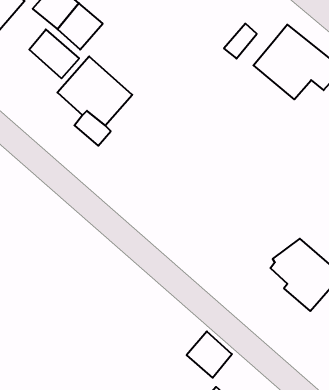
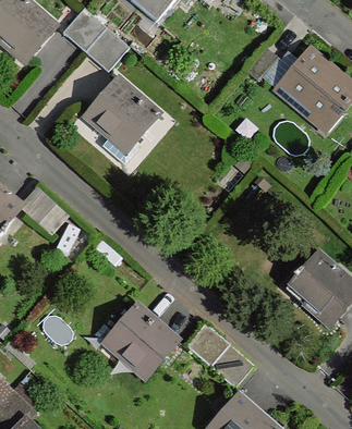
building: [29,29,79,78] -> none
building: none -> [109,305,178,376]
building: none -> [185,321,230,366]

